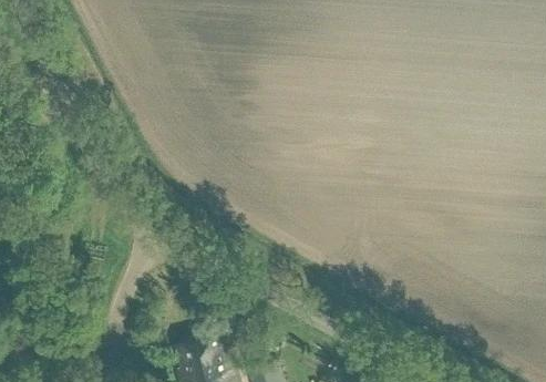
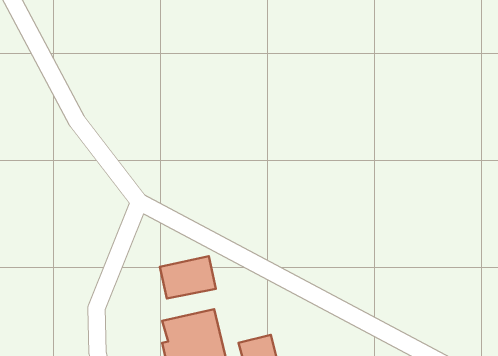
building: none -> [160,256,216,299]

